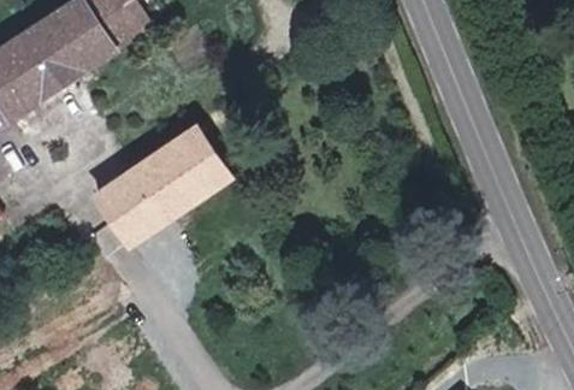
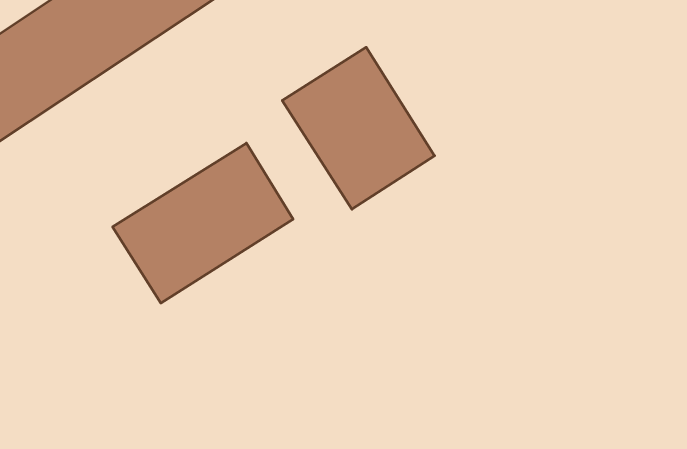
building: none -> [282,47,435,209]

